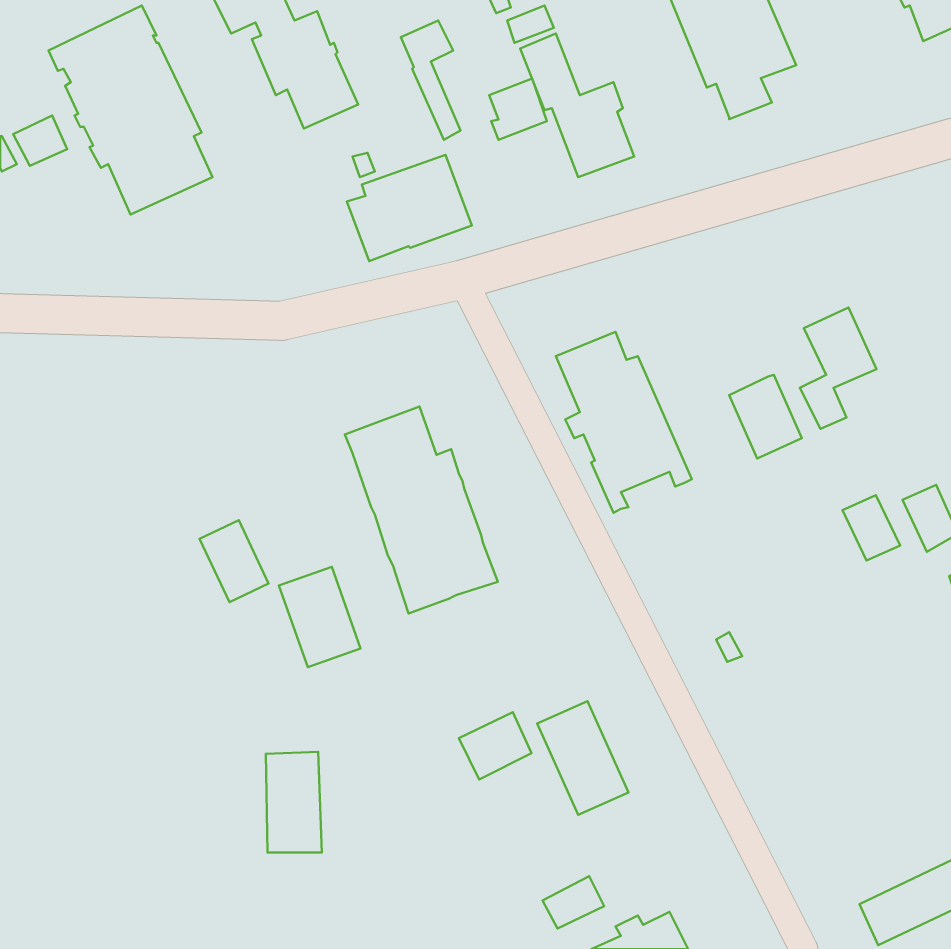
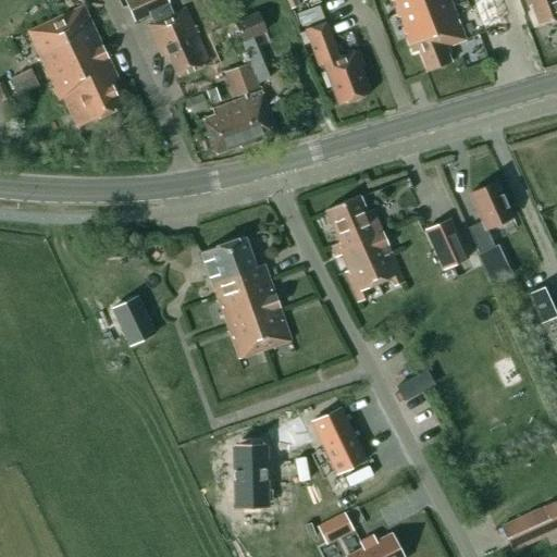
building: [489,78,547,140] -> [225,61,259,97]
building: [842,495,900,561] -> [479,244,512,282]
building: [279,567,361,667] -> none
building: [266,752,322,853] -> [235,444,268,503]

